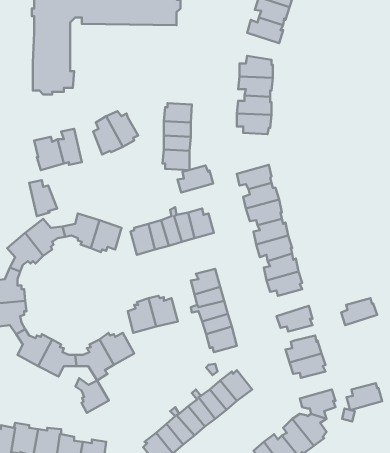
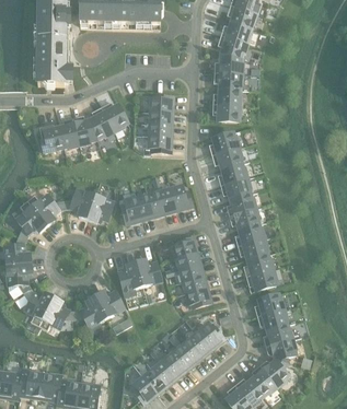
building: none -> [217,34,247,57]
building: [177,166,213,192] -> [208,131,239,154]
building: [29,180,57,216] -> [72,114,96,144]
building: [341,298,377,325] -> [242,253,273,276]
building: [75,378,109,413] -> none
building: [346,383,382,410] -> [262,323,292,346]

